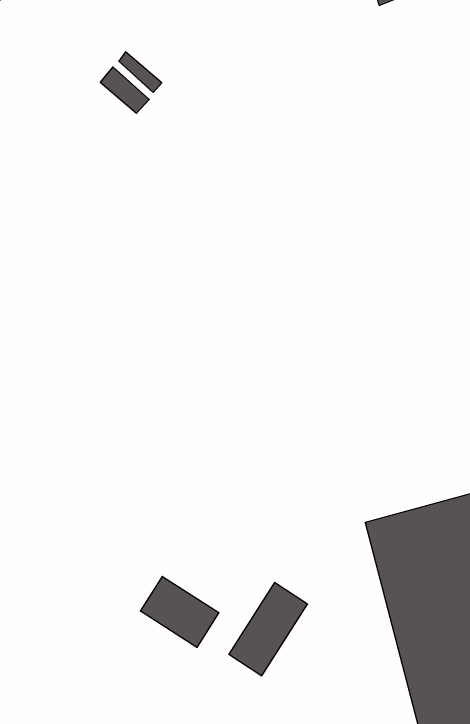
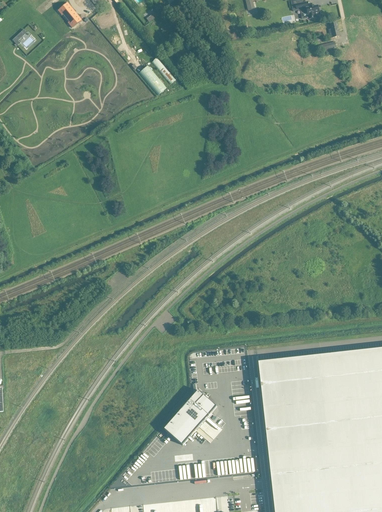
building: [140,576,219,647] -> none

